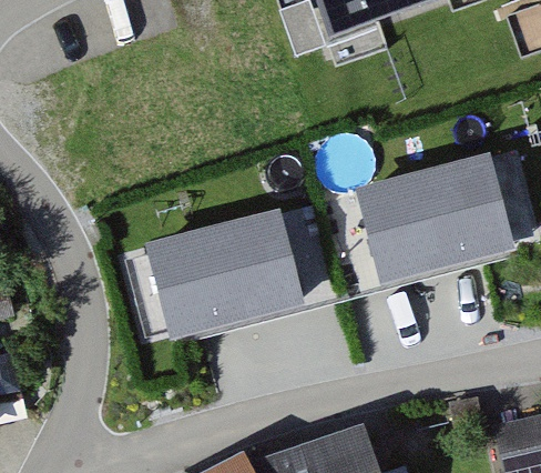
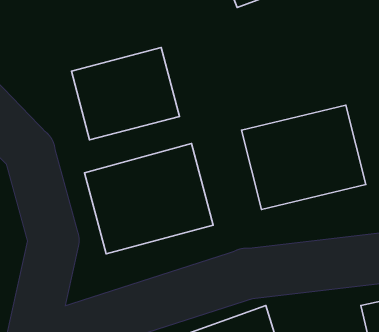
building: none -> [71,47,180,140]

